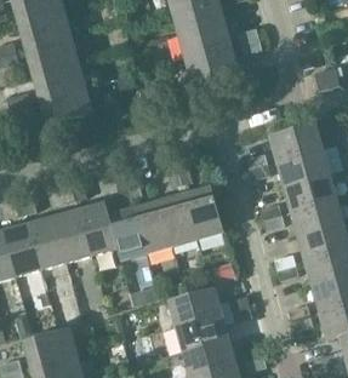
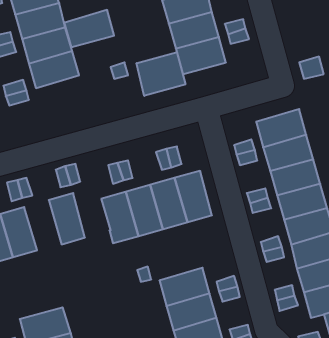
building: none -> [137,52,185,96]
building: [40,85,92,124] -> [64,10,114,47]
building: [79,200,118,253] -> none
building: [28,214,67,267] -> none

